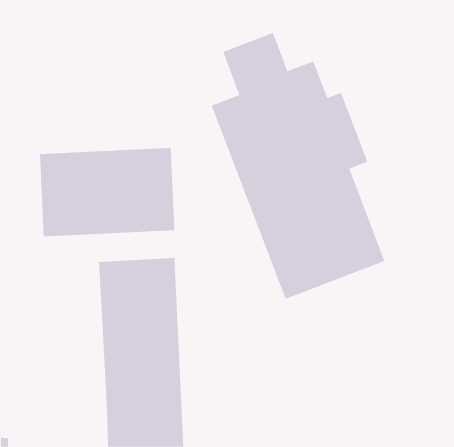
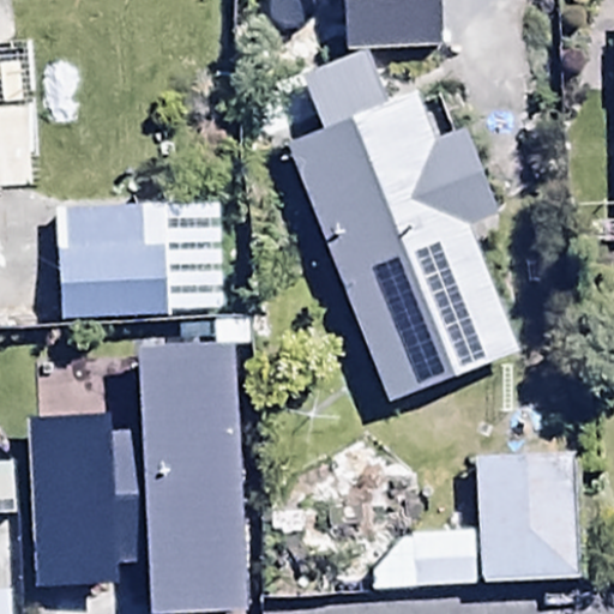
building: none -> [29,414,146,585]
building: none -> [372,449,580,588]

